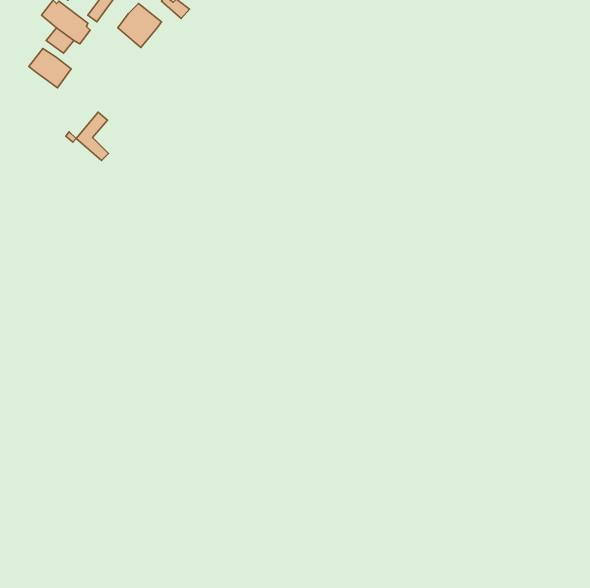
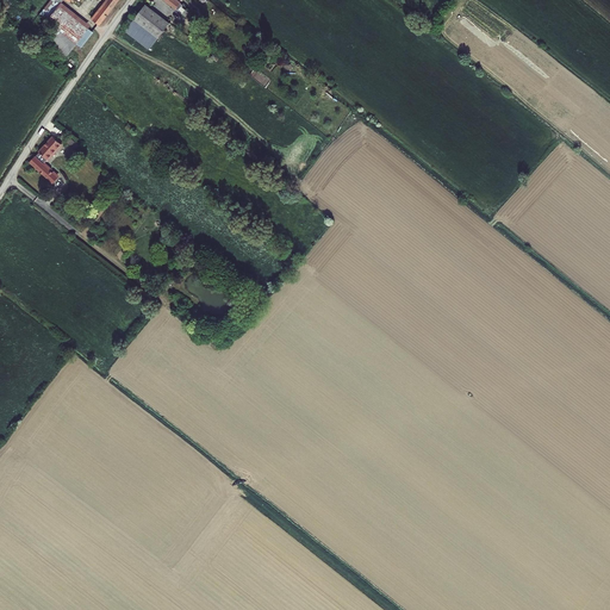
building: [29,48,71,88] -> none
building: [76,112,109,161] -> [30,135,63,185]

